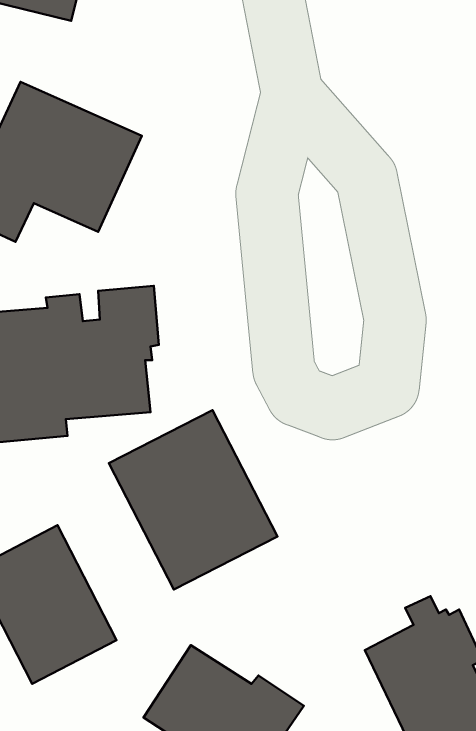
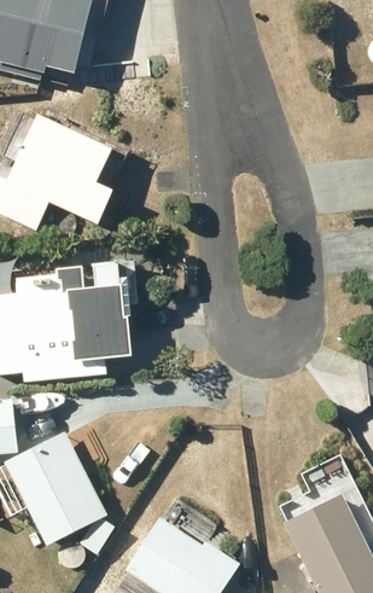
building: [109,410,278,589] -> none

